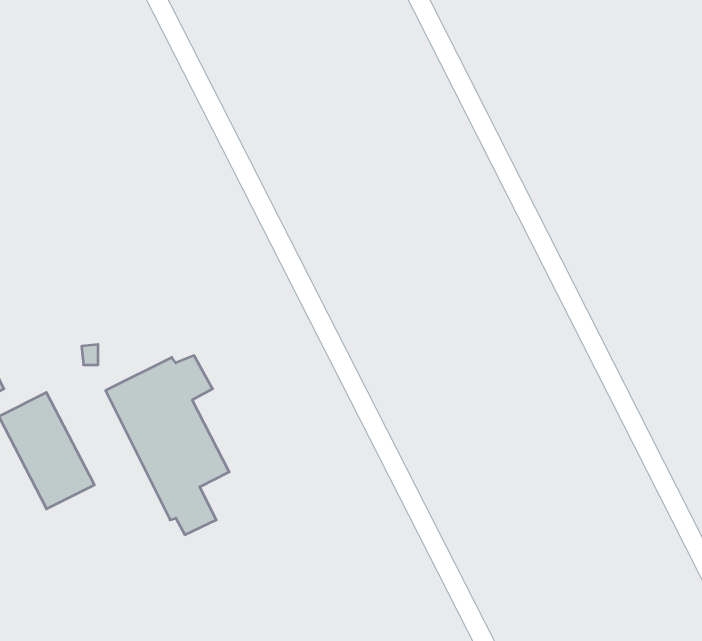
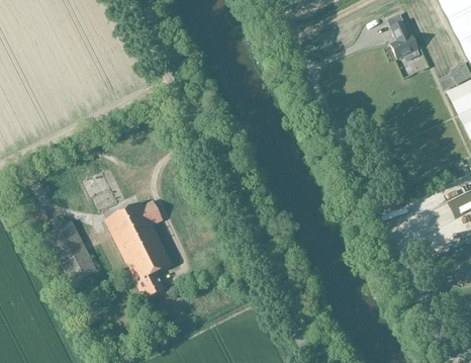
building: none -> [389,20,416,60]

